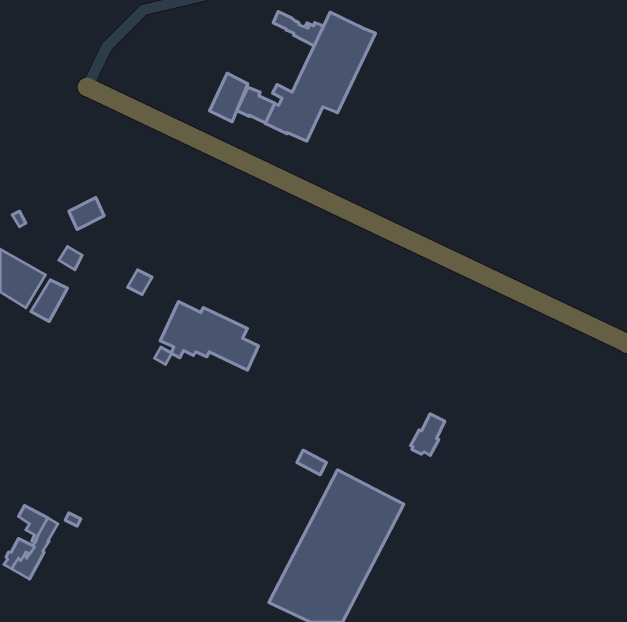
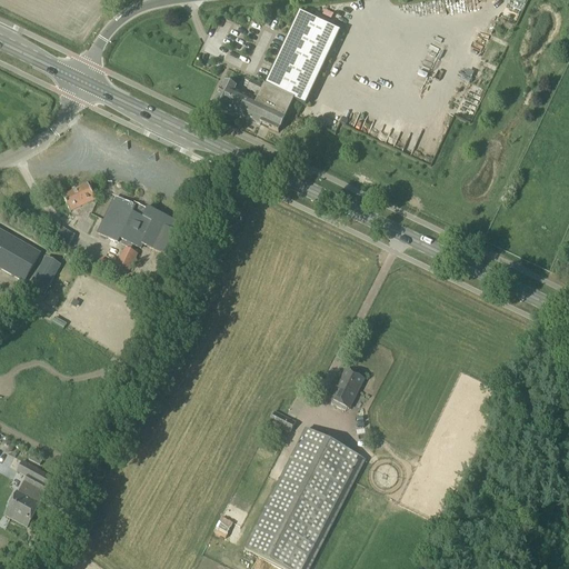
building: [273,11,323,46] -> none
building: [209,73,248,122] -> none
building: [160,302,258,370] -> [98,194,187,257]
building: [411,414,445,456] -> [330,368,361,406]

